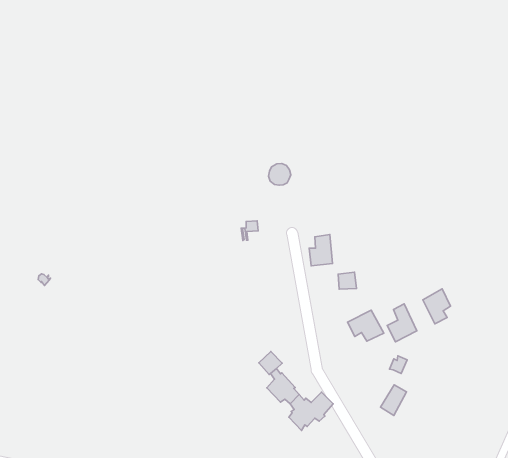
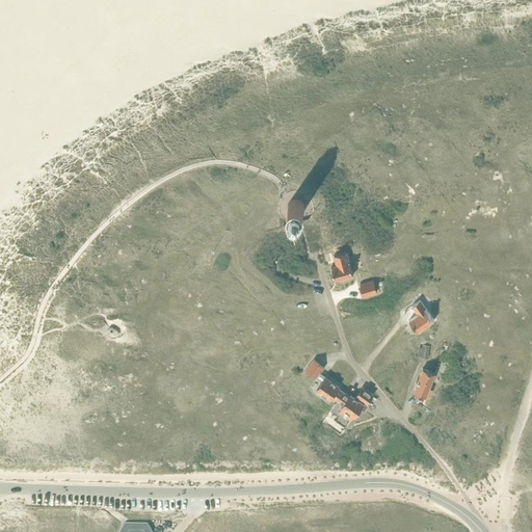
building: [423,289,451,324] -> none
building: [347,310,384,341] -> none

